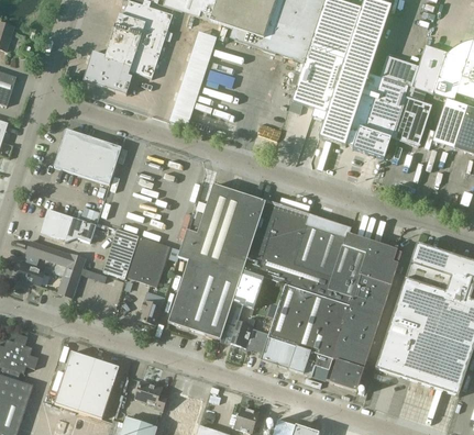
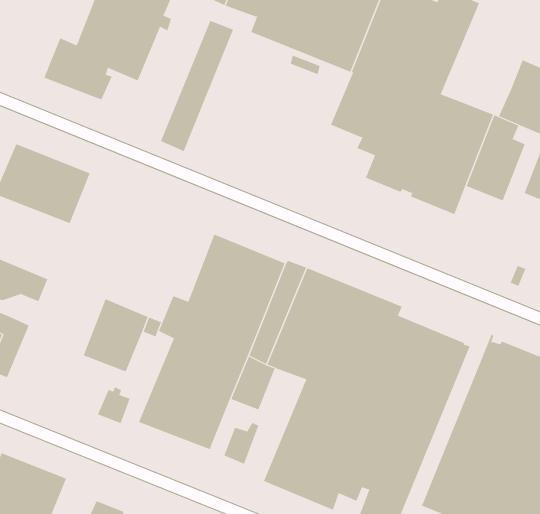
building: [381,55,419,86] -> none
building: [103,228,139,278] -> none

